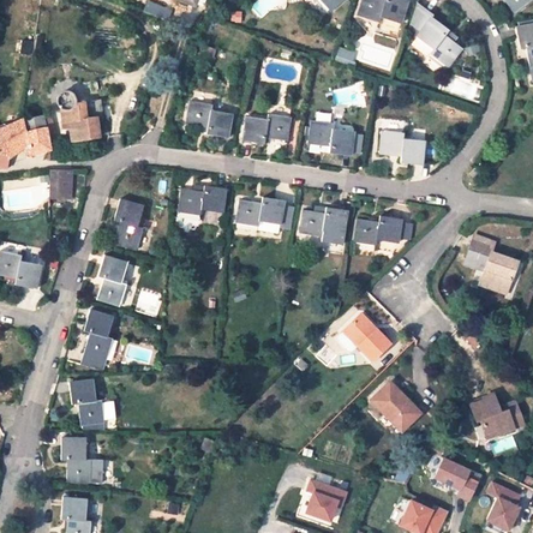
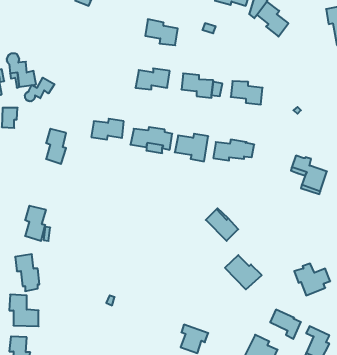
building: [186,100,233,137] -> [145,19,178,45]
building: none -> [25,78,54,101]
building: [97,254,127,306] -> none

